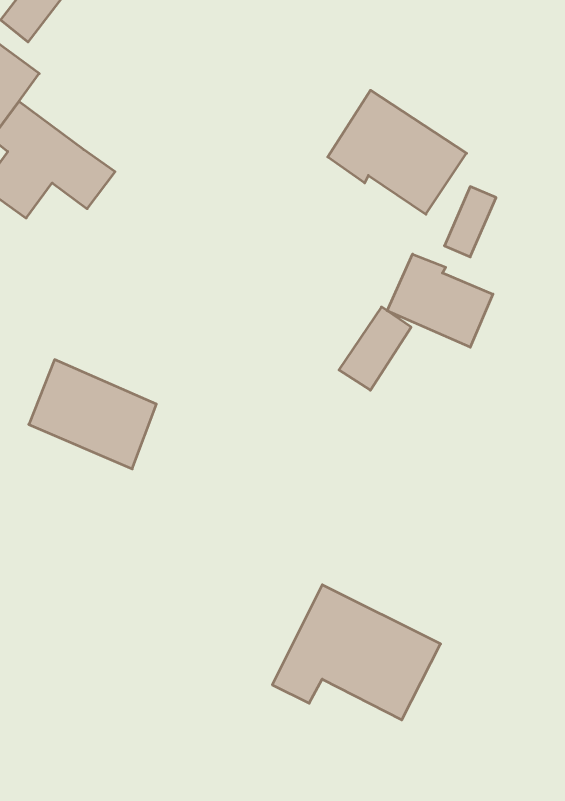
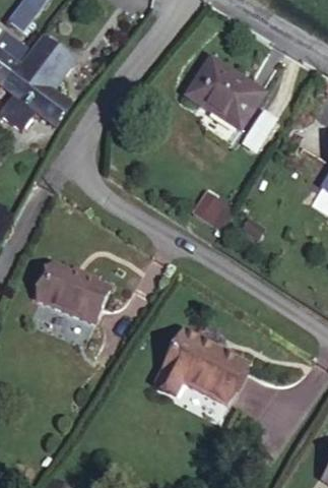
building: none -> [16,35,73,90]
building: [387,254,493,347] -> none
building: [29,360,156,469] -> [35,262,105,322]

